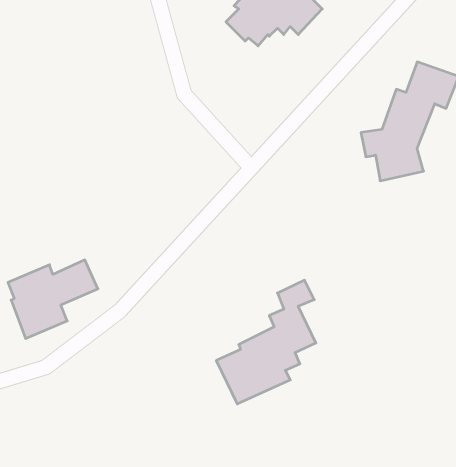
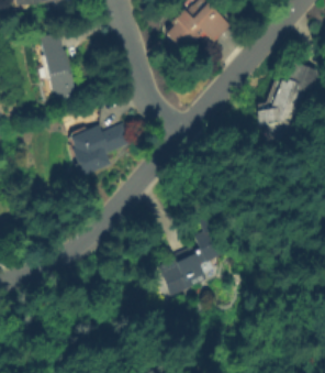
building: none -> [40,32,77,100]
building: [8,260,98,339] -> [70,121,132,175]

